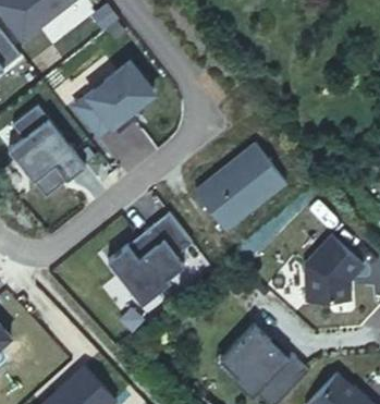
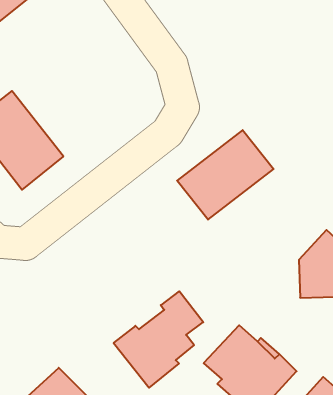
building: [75,62,155,136] -> none
building: [107,211,192,303] -> [114,291,203,388]

